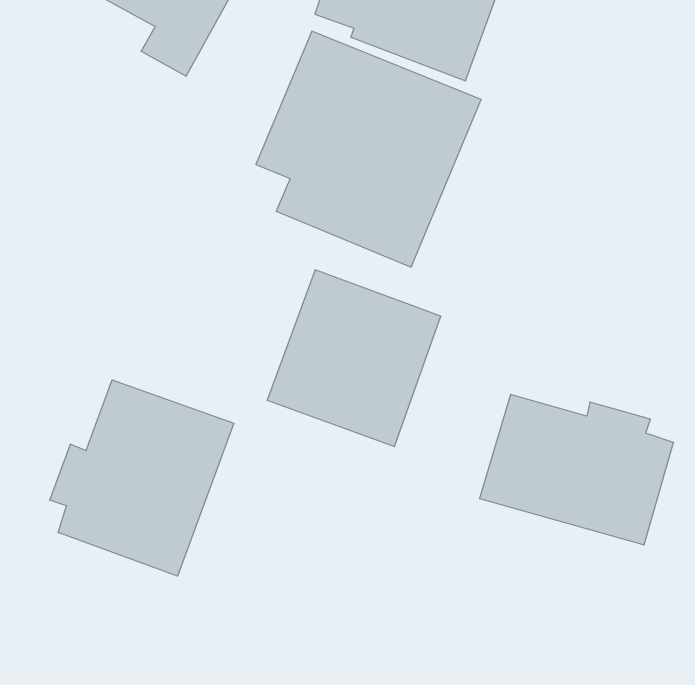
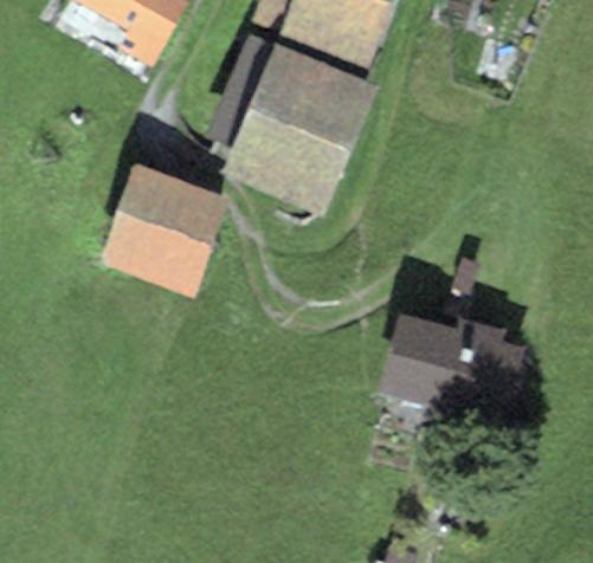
building: [267,270,441,447] -> [98,161,231,296]
building: [50,380,234,576] -> none

